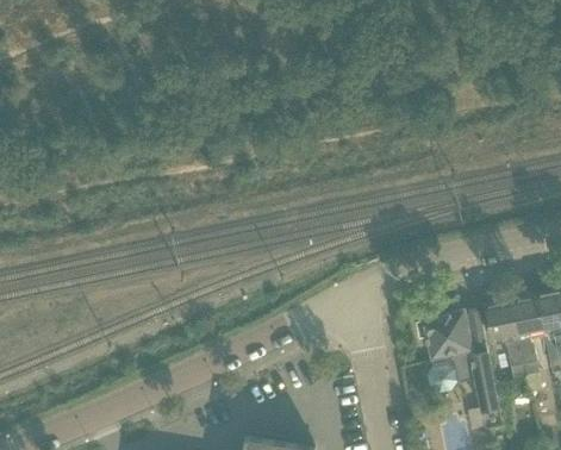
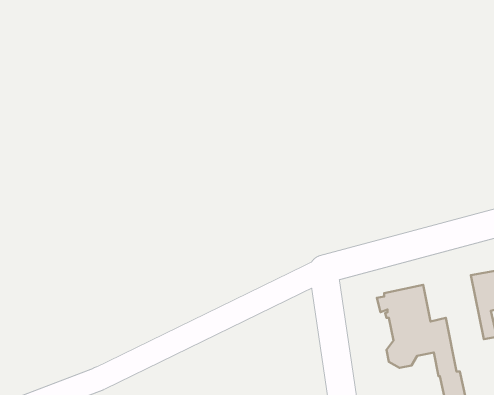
building: [486,302,528,388] -> none

